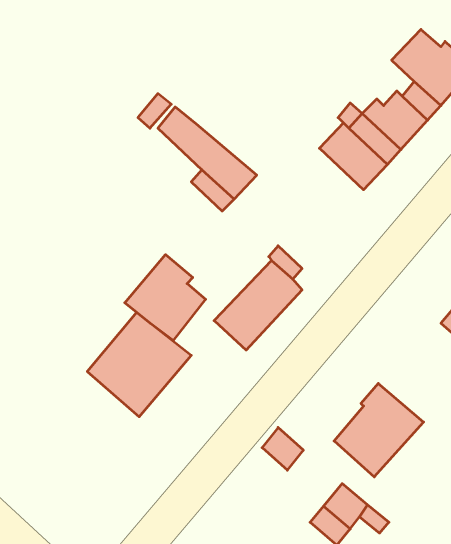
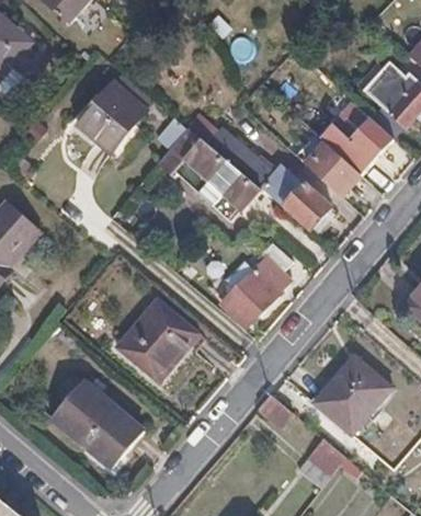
building: none -> [77,81,147,152]
building: none -> [205,125,330,231]
building: [125,255,206,341] -> none
building: none -> [50,379,145,468]

